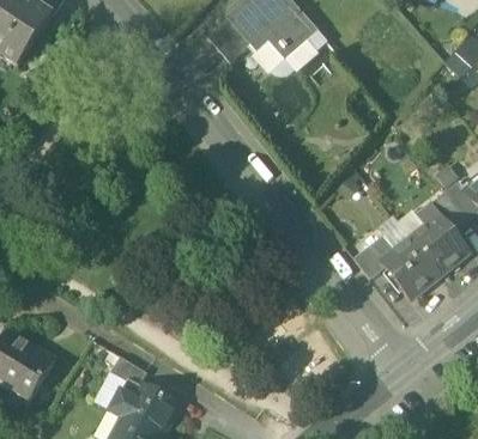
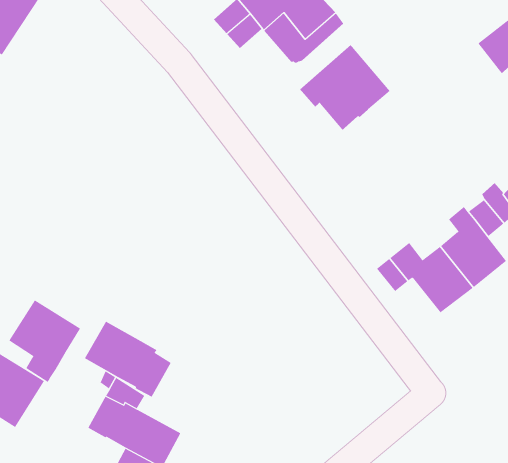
building: none -> [299,44,390,131]
building: none -> [8,299,81,383]
building: none -> [84,321,172,397]

